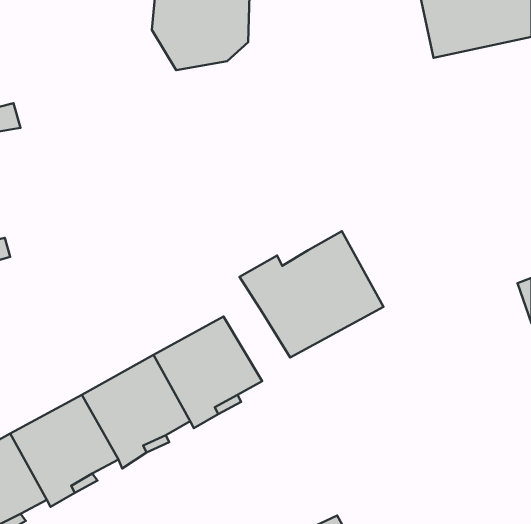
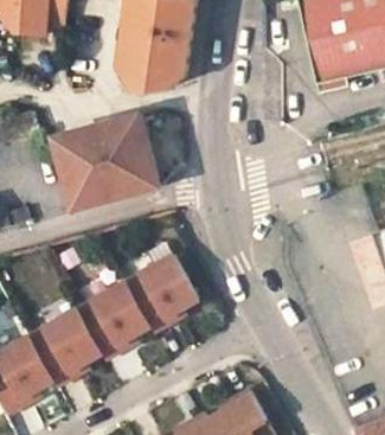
building: none -> [57,115,156,207]
building: [239,231,383,358] -> none

